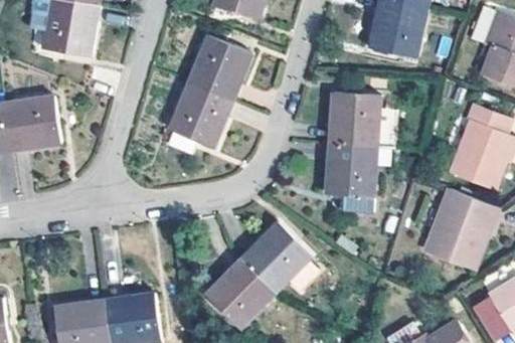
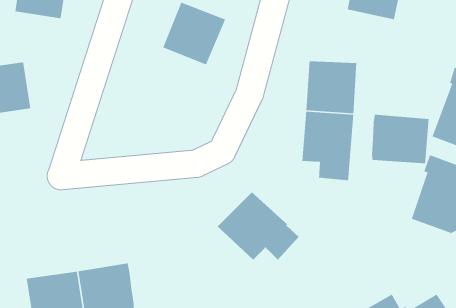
building: [170,83,231,155] -> none
building: none -> [371,114,429,164]
building: [206,258,277,328] -> none

